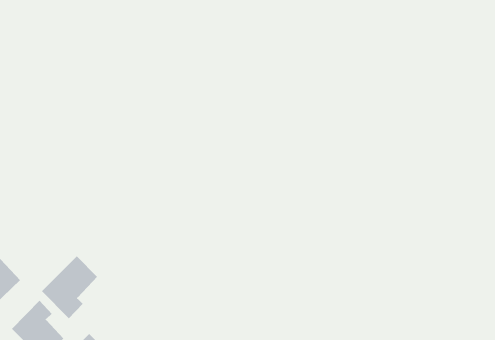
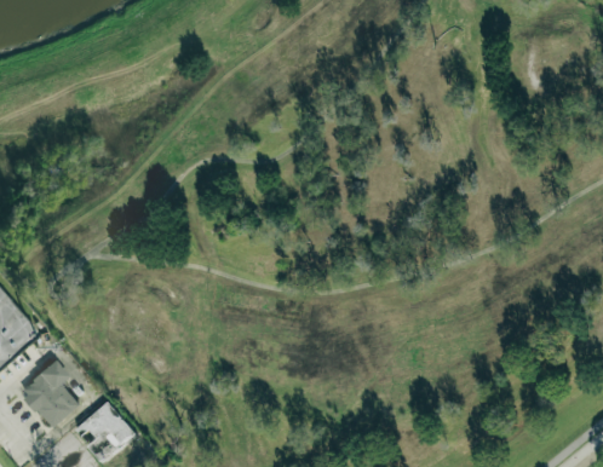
building: [41,256,98,319] -> none

